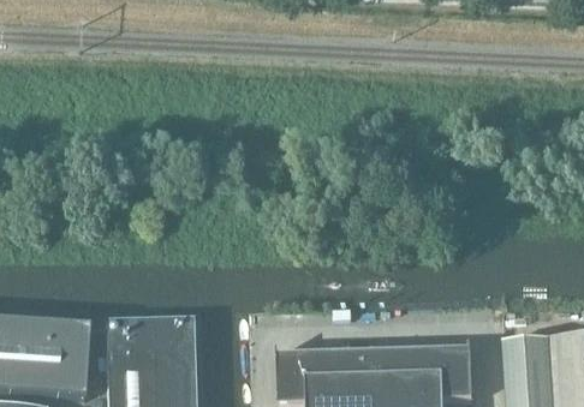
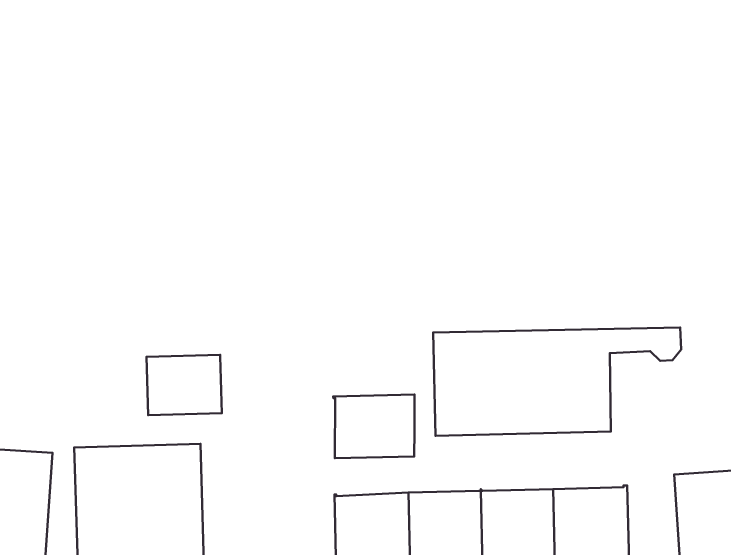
building: none -> [433,327,681,436]
building: none -> [147,355,222,415]
building: none -> [333,395,415,458]

